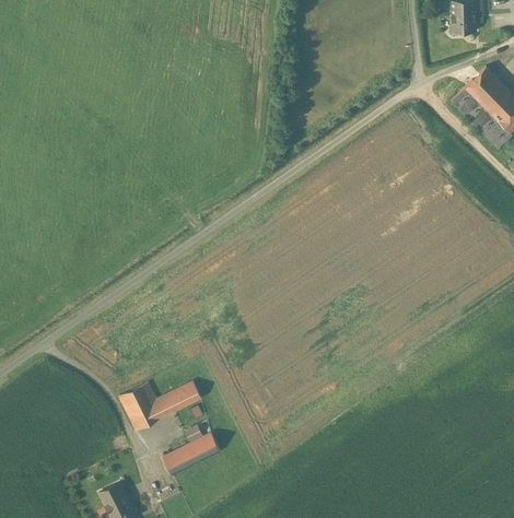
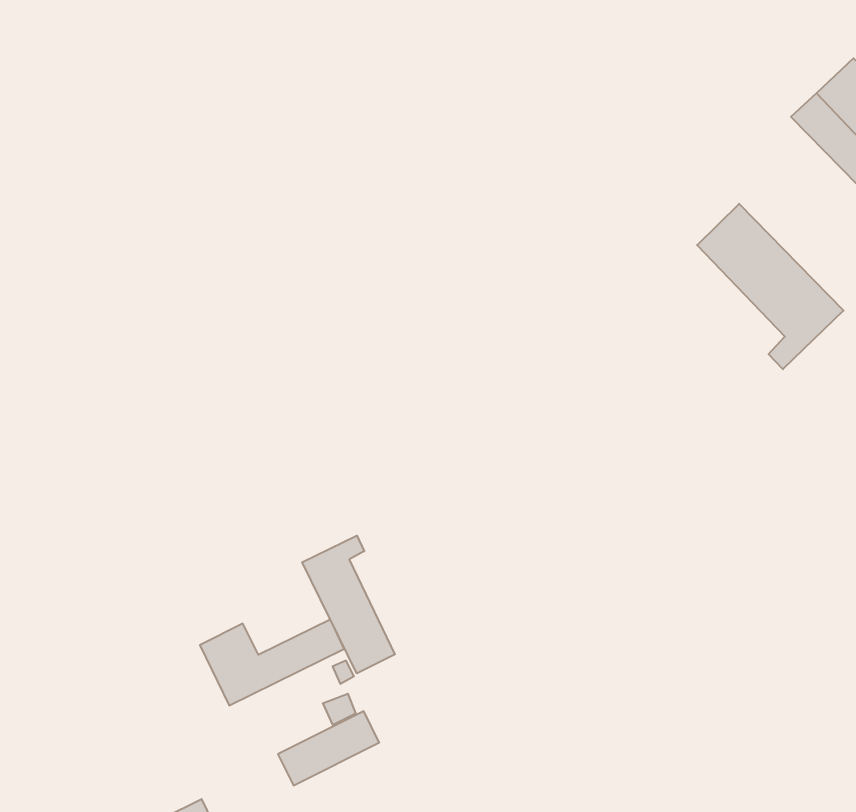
building: none -> [697,204,844,369]
building: none -> [302,536,395,673]

